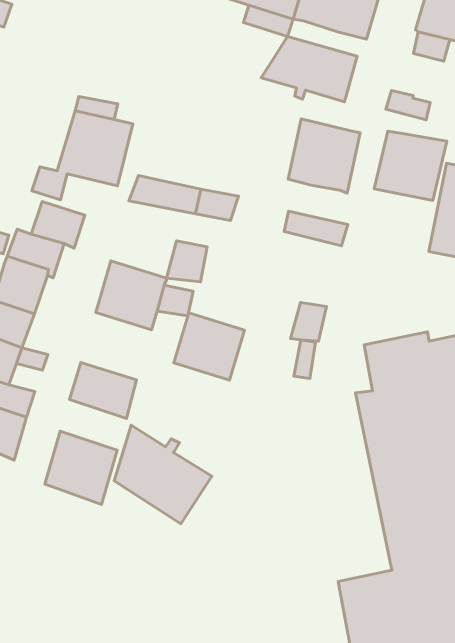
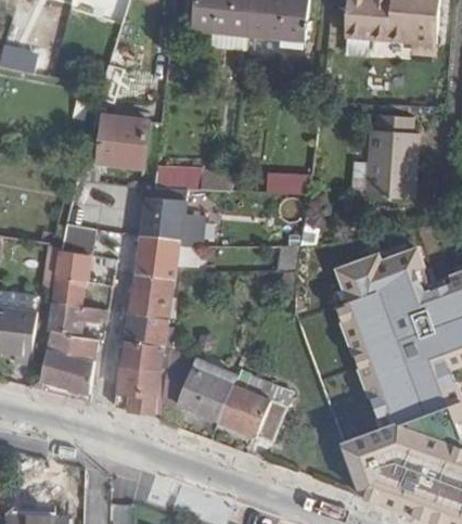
building: [261,36,357,102] -> none
building: [288,119,360,193] -> none
building: [374,131,447,200] -> none
building: none -> [138,199,184,240]
building: [174,313,244,380] -> [127,272,175,317]
building: none -> [119,338,166,370]
building: none -> [217,367,293,440]

